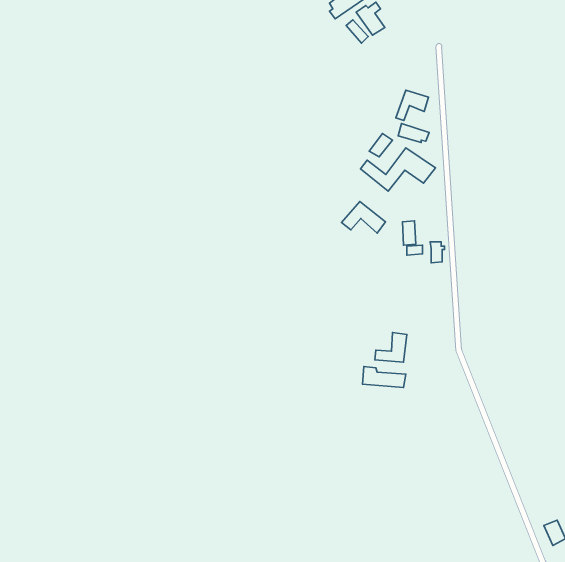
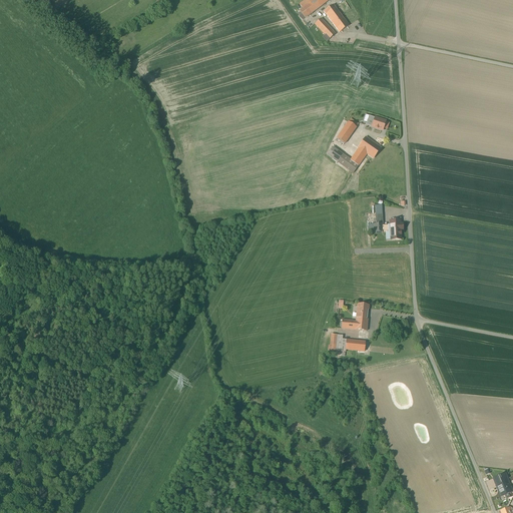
building: [396,90,428,120] -> none
building: [342,202,386,233] -> none

